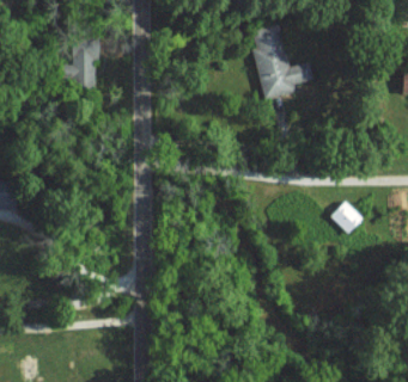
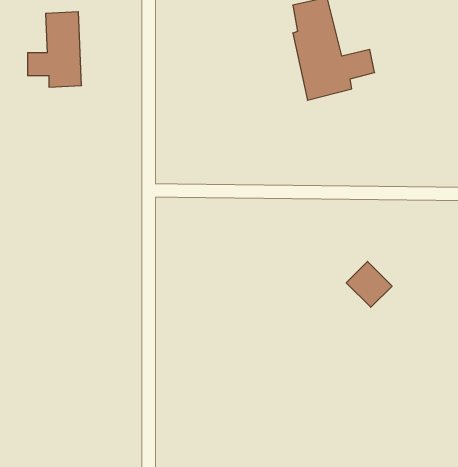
building: [330,201,364,234] -> [346,261,392,307]

